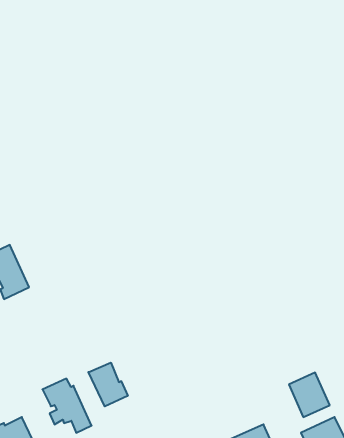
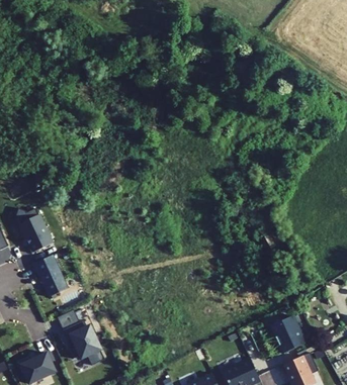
building: none -> [32,255,68,297]
building: [88,363,128,406] -> none

